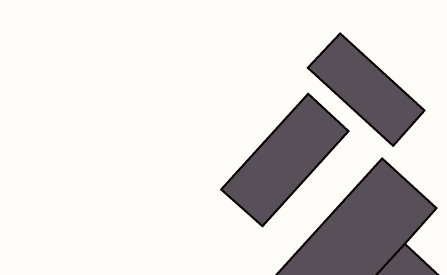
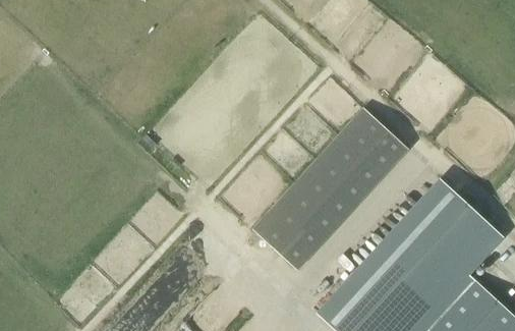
building: [308,33,425,146] -> none
building: none -> [254,214,312,269]

